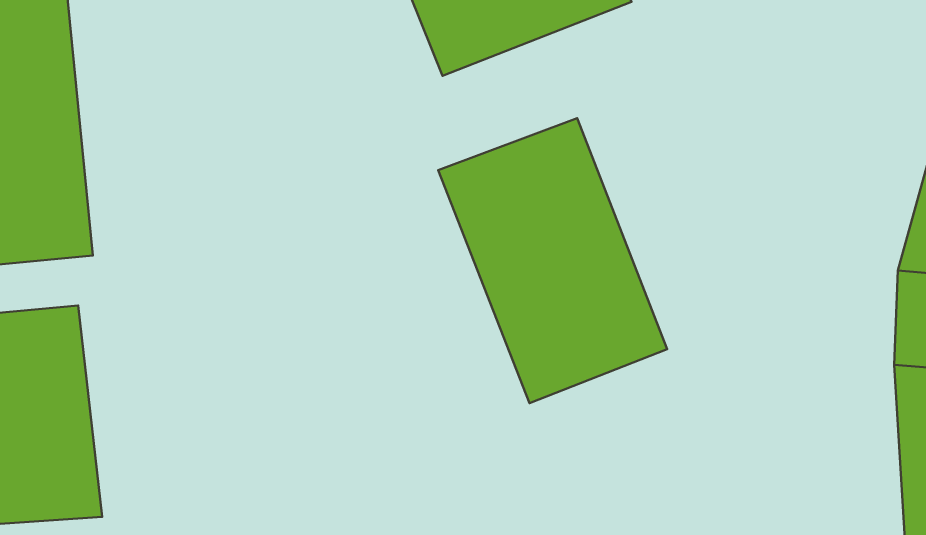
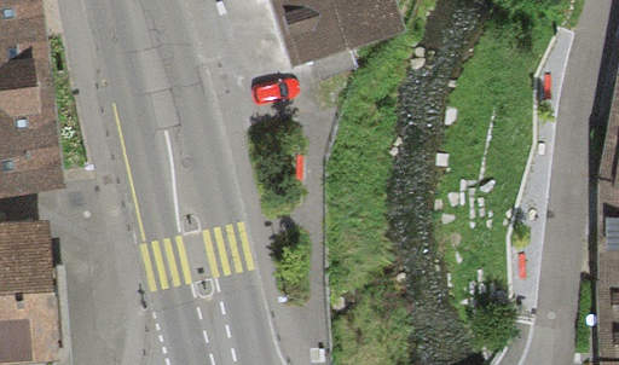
building: [438,118,667,403] -> none

